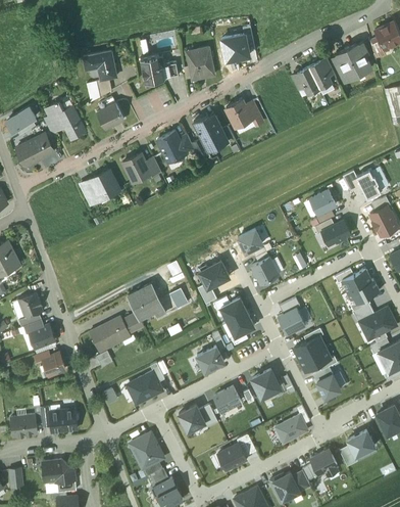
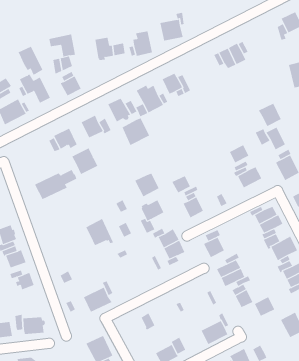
building: [333,44,370,82] -> none
building: none -> [18,46,43,76]
building: none -> [258,103,281,127]
building: none -> [122,118,150,146]
building: none -> [72,147,98,175]
building: none -> [135,173,159,197]
building: [89,313,143,352] -> [34,169,77,200]
building: [196,347,223,372] -> none
building: [251,370,279,398] -> none
building: [212,385,240,411] -> none
building: [178,405,204,434] -> none
building: [347,430,373,456] -> [254,296,275,317]

